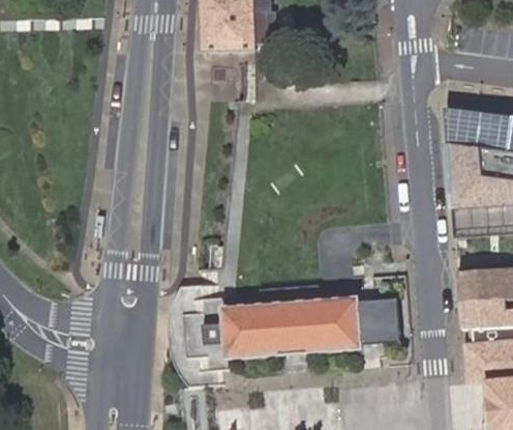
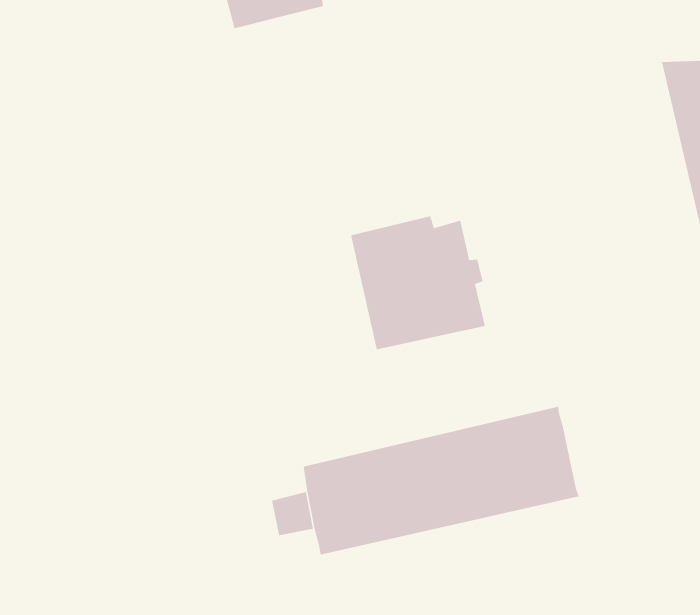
building: none -> [350,215,485,350]
building: [359,295,402,343] -> none

